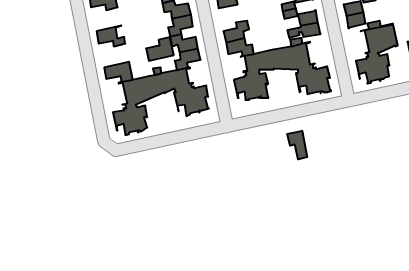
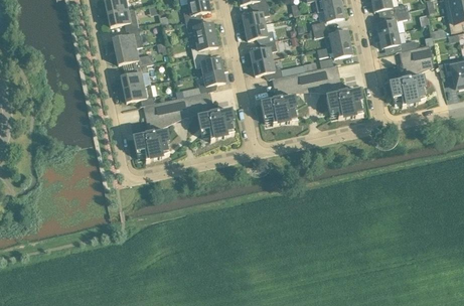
building: none -> [245,22,275,41]
building: none -> [113,25,142,50]
building: [146,37,174,61] -> [121,63,150,89]
building: [287,131,307,159] -> none

